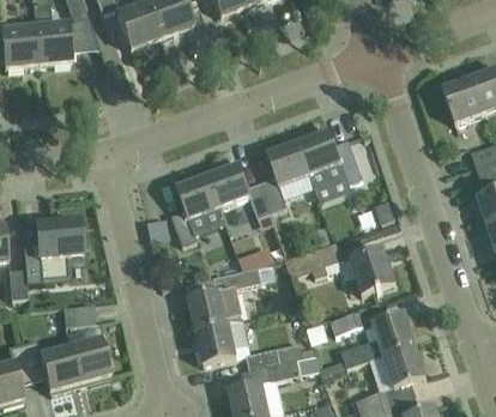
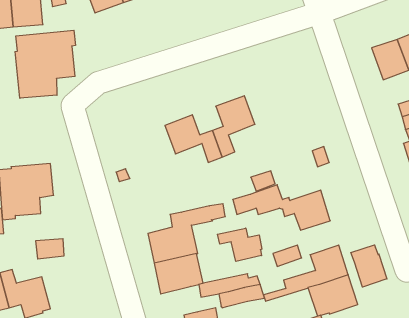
building: none -> [15,30,75,98]
building: [297,131,362,188] -> none
building: [170,175,224,244] -> none
building: none -> [217,228,262,261]
building: none -> [351,245,387,287]
building: [68,338,109,382] -> none

